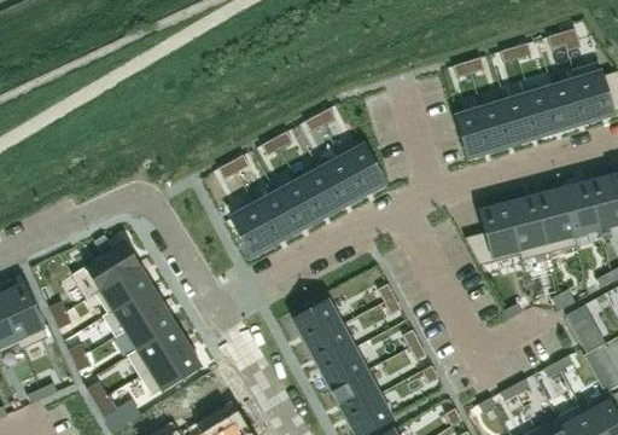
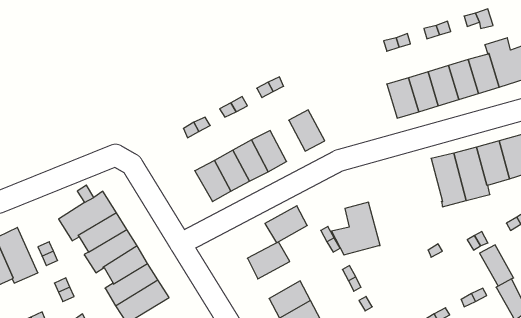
building: [321,158,362,207] -> none
building: [466,203,523,265] -> [332,202,380,255]
building: [307,324,356,367] -> [265,206,307,243]

